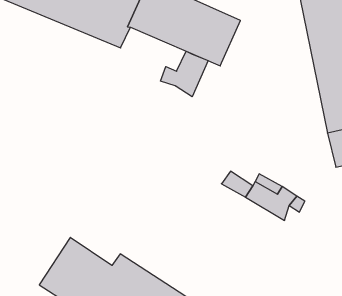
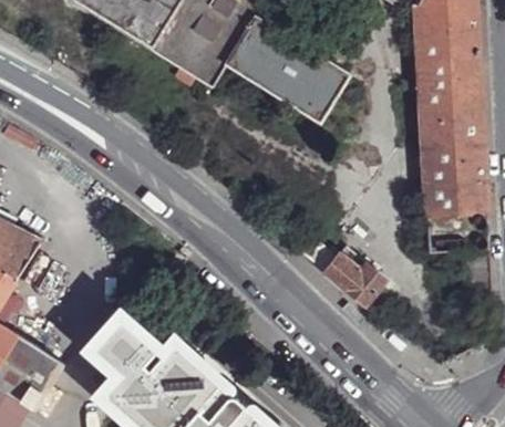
building: [161,51,208,97] -> none

